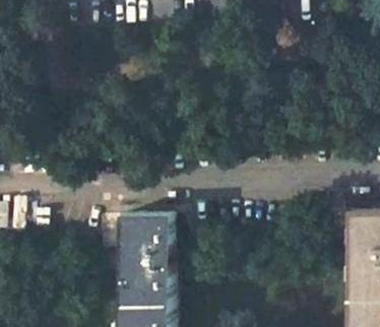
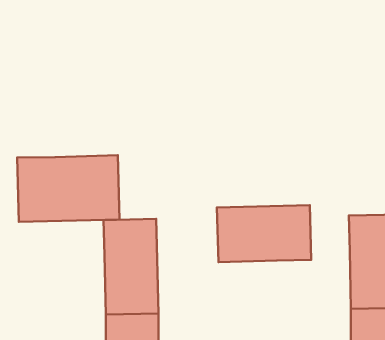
building: none -> [17,155,119,222]
building: none -> [217,205,311,262]

